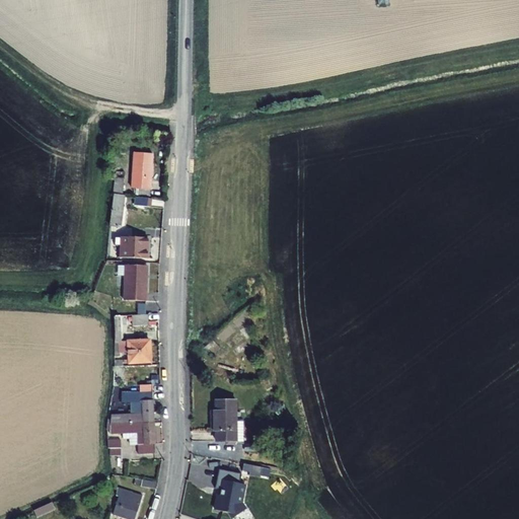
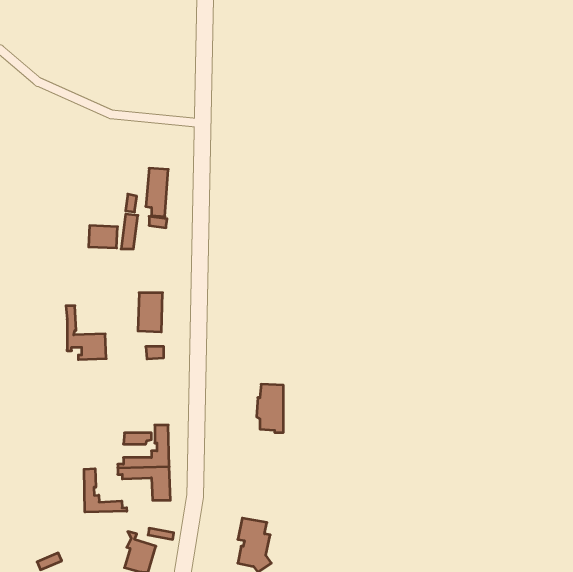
building: [121,236,147,256] -> [89,226,118,248]
building: [114,314,150,363] -> [66,306,106,360]
building: [213,399,237,443] -> [257,384,283,432]
building: none -> [84,469,127,512]

